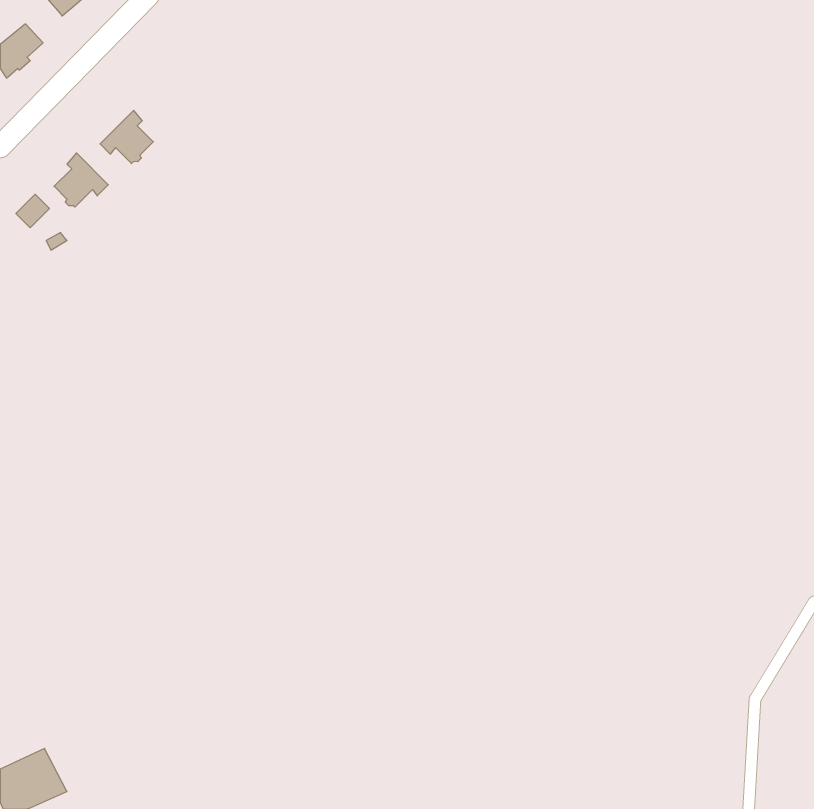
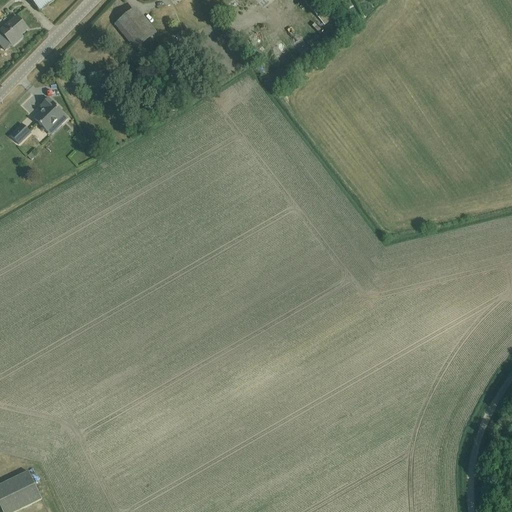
building: none -> [116,7,156,47]
building: [100,110,153,164] -> none

